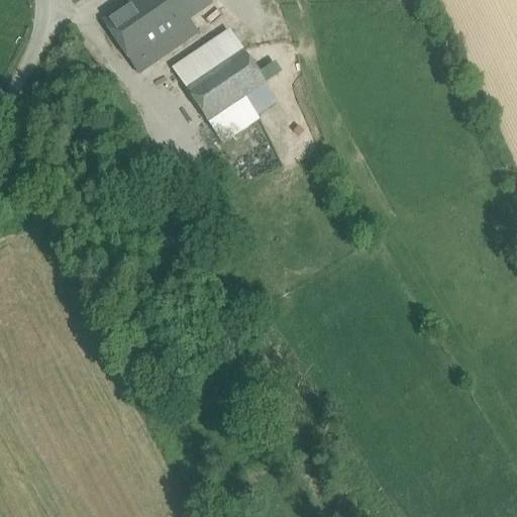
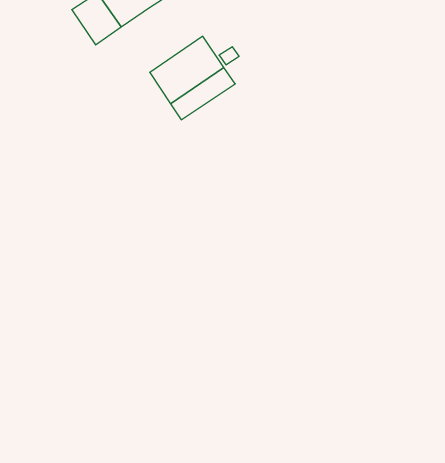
building: [128,16,196,70] -> none
building: [174,29,242,86] -> none

